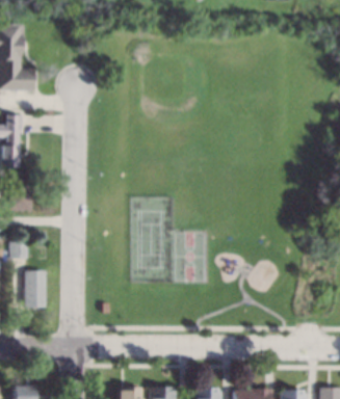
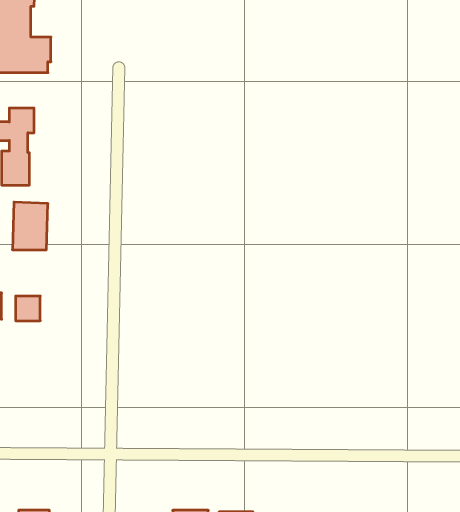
building: [25,270,46,307] -> none

